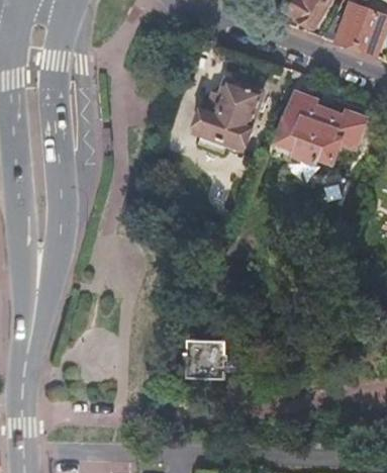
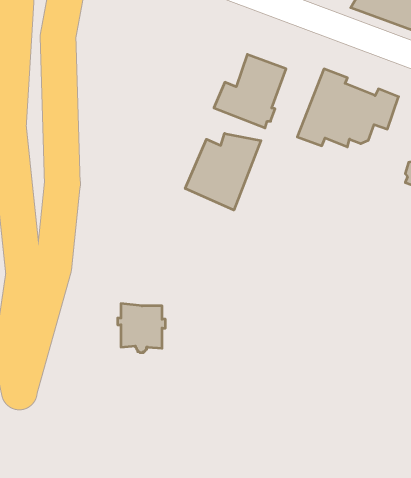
building: none -> [185,133,261,210]
building: [186,339,229,383] -> [118,304,165,353]

